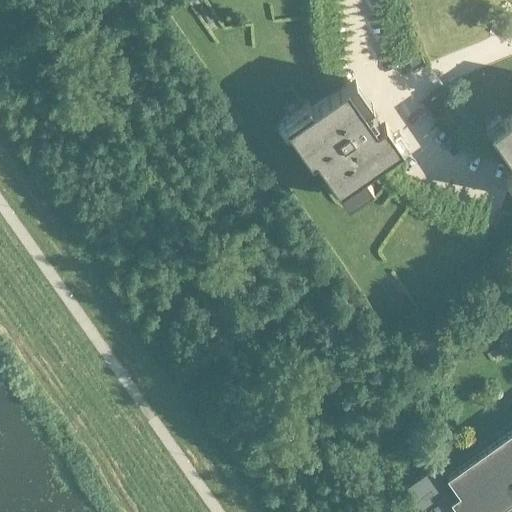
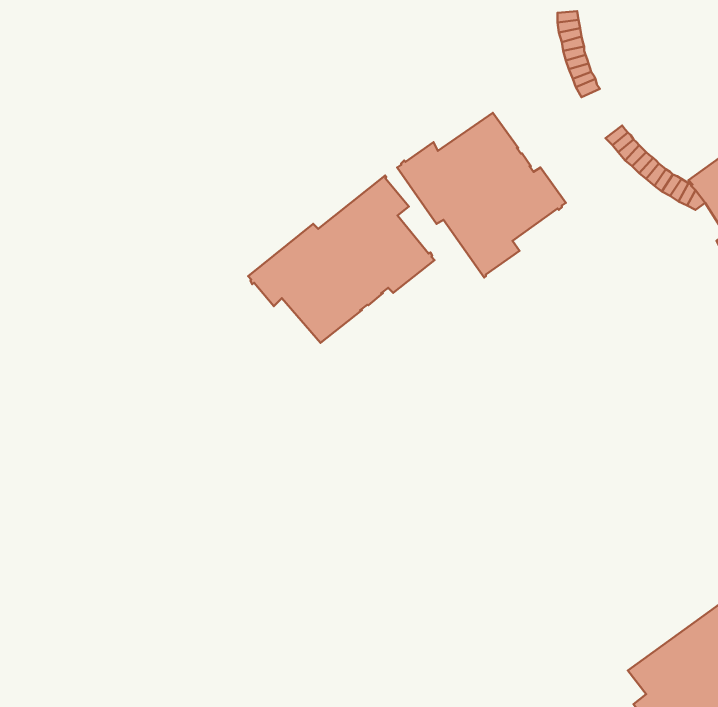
building: none -> [248,175,435,343]

